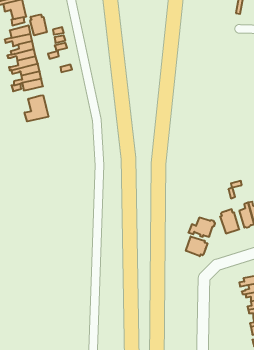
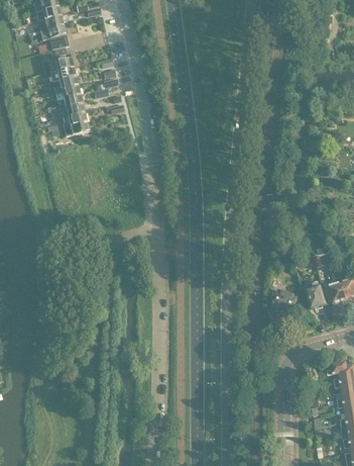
building: [30,15,47,35] -> none
building: [25,95,48,121] -> none
building: [186,236,207,256] -> none

